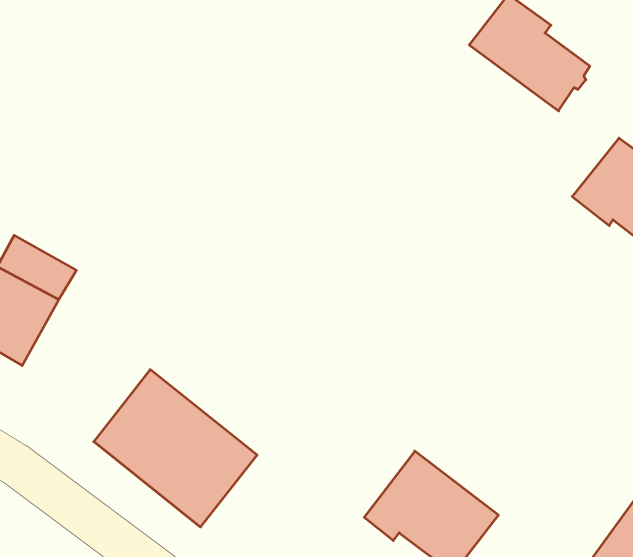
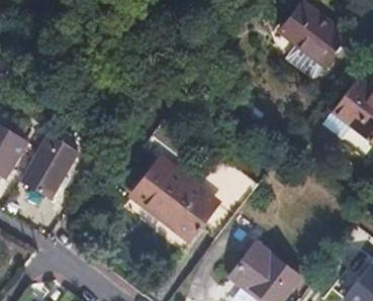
building: [94,370,257,527] -> [130,159,215,240]

